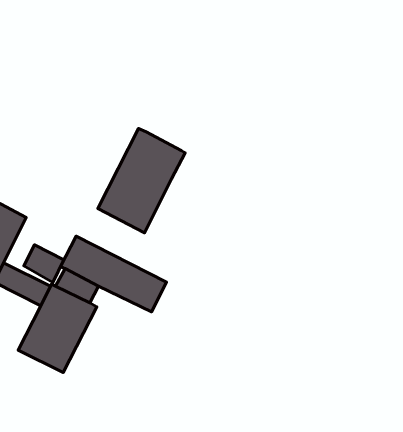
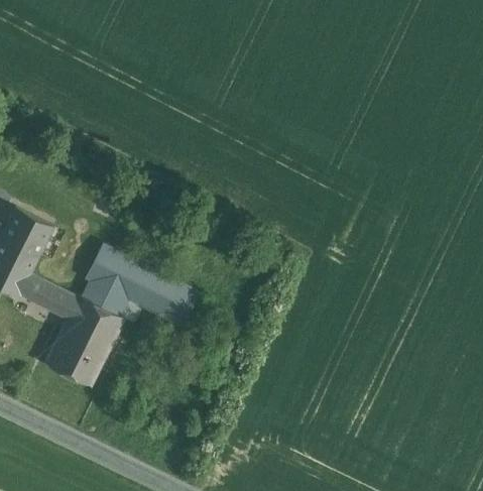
building: [98,129,185,233] -> none
building: [24,245,64,282] -> none

